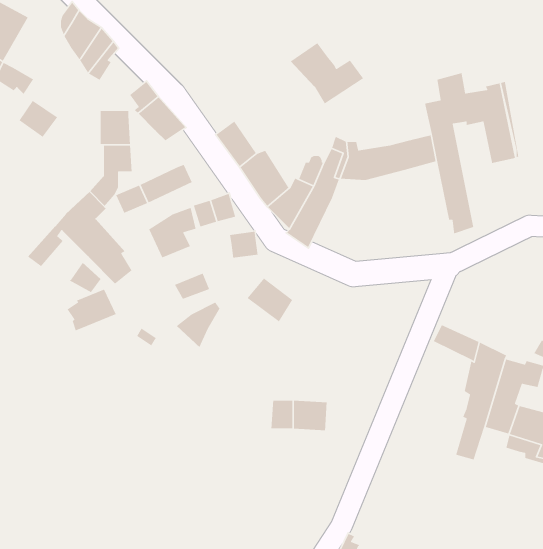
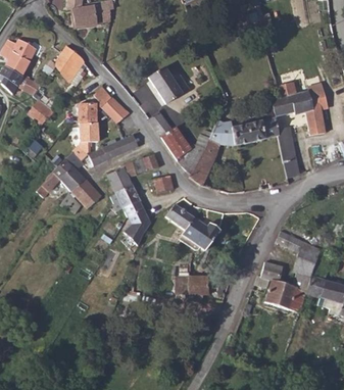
building: [290,42,364,104] -> [146,67,190,104]
building: [67,289,117,332] -> [110,185,140,210]
building: none -> [183,216,219,250]
building: none -> [254,260,295,308]

